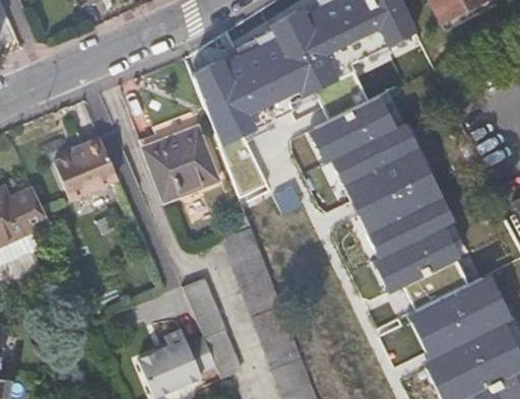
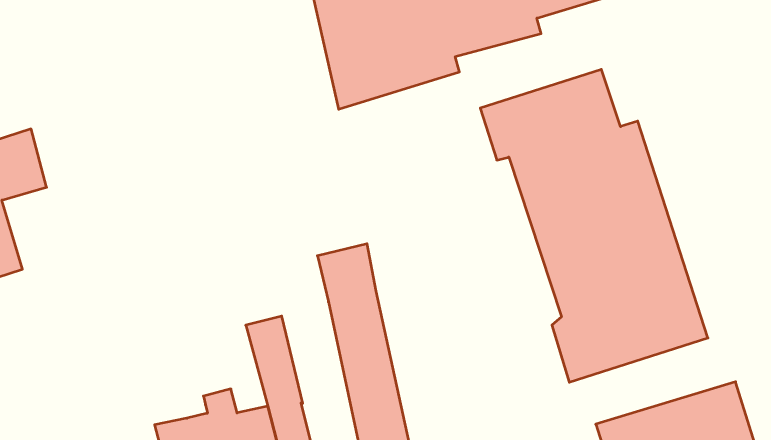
building: [141,125,218,202] -> none
building: [54,138,118,201] -> none

